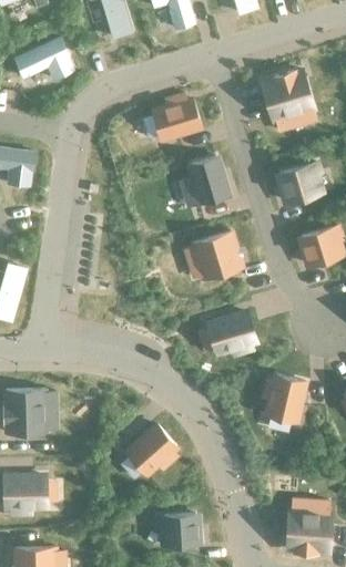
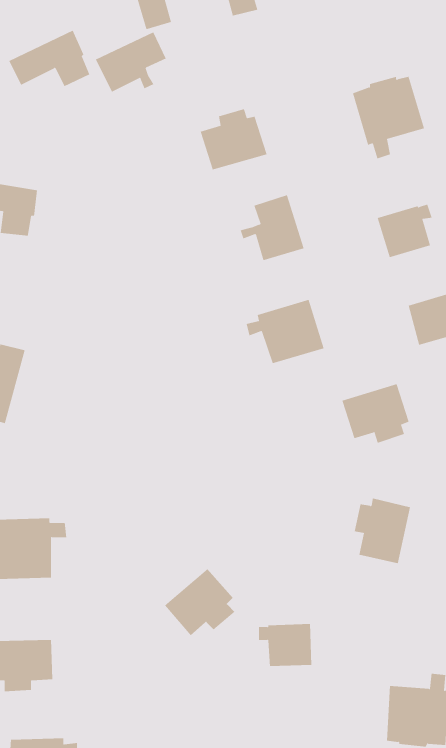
building: none -> [95,31,166,92]
building: [207,313,256,357] -> [342,383,409,443]
building: [157,515,196,546] -> [258,624,312,667]

